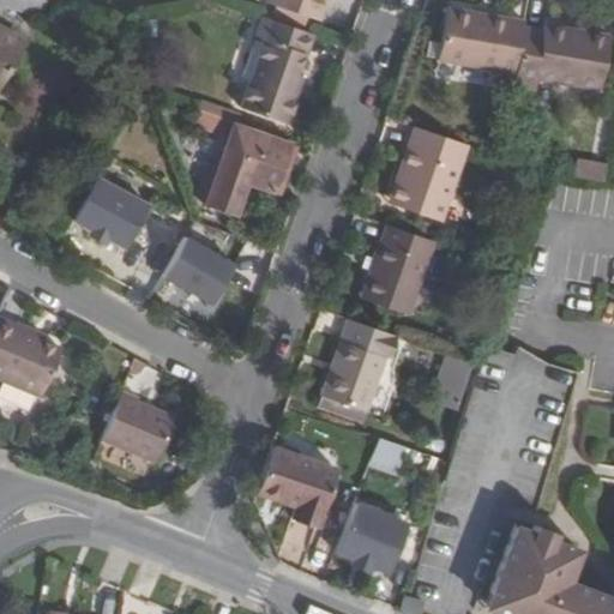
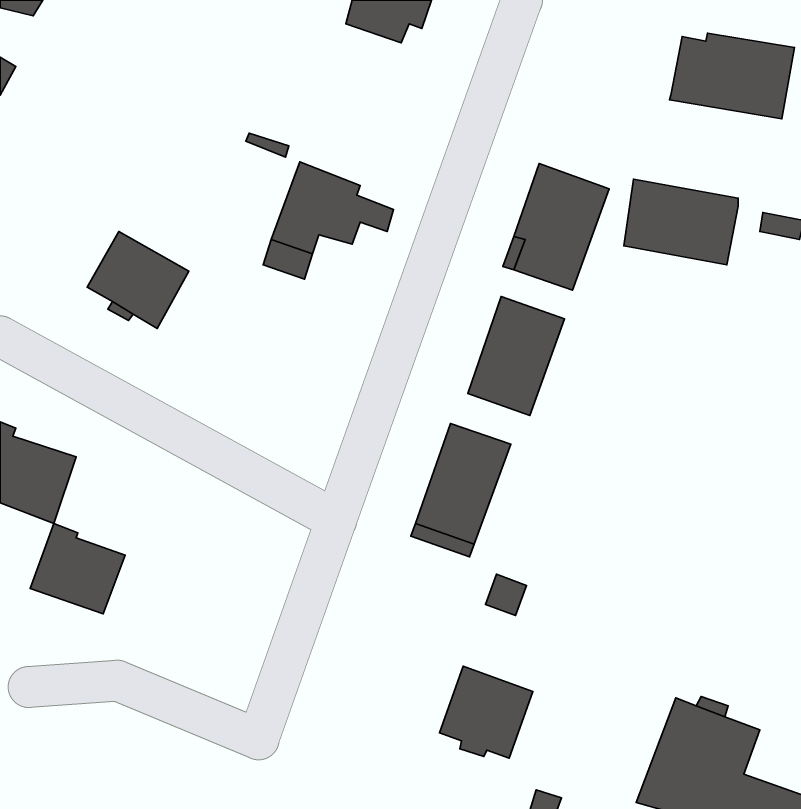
building: [437,8,523,73] -> [624,179,738,265]
building: [233,19,311,126] -> none
building: [164,237,236,306] -> none
building: [106,391,177,459] -> [30,523,125,614]
building: [255,445,336,524] -> none

